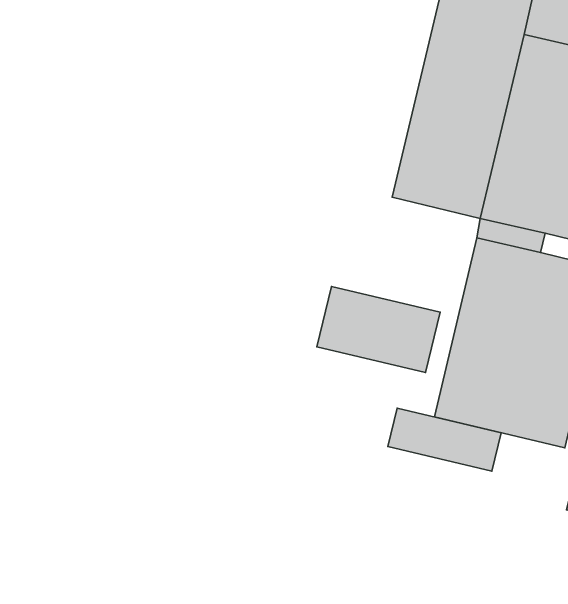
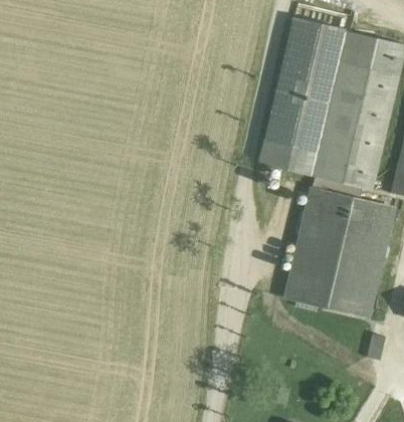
building: [317,286,440,373] -> none
building: [388,408,501,471] -> none

